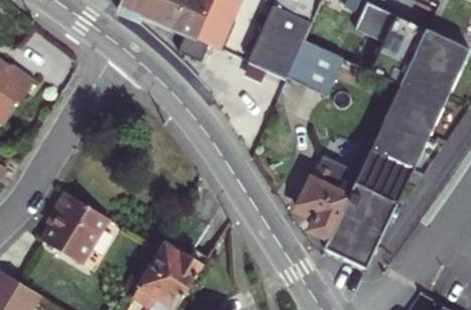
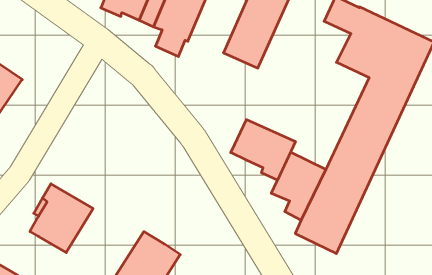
building: [283,35,342,94] -> none
building: none -> [231,120,295,180]

